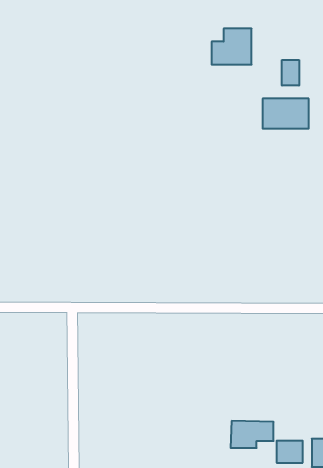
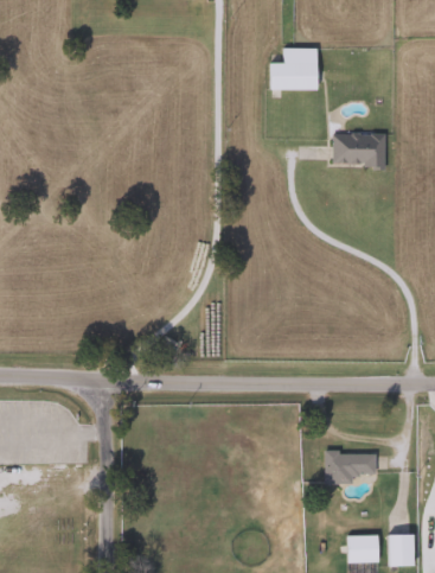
building: [282,60,299,86] -> none
building: [231,421,274,448] -> [324,451,375,483]

